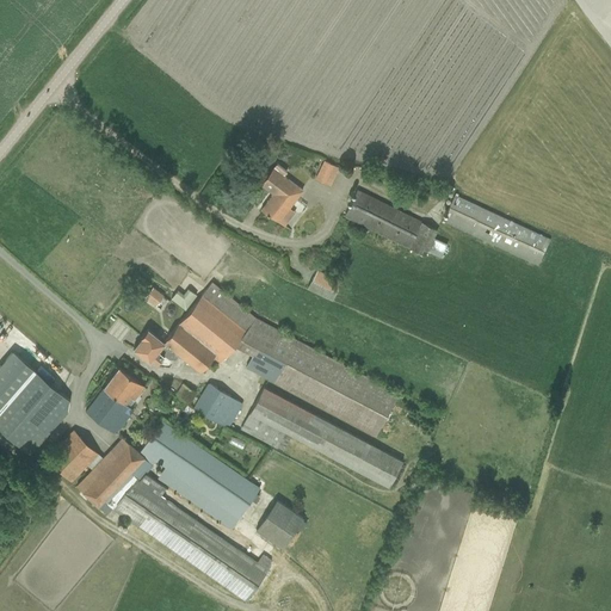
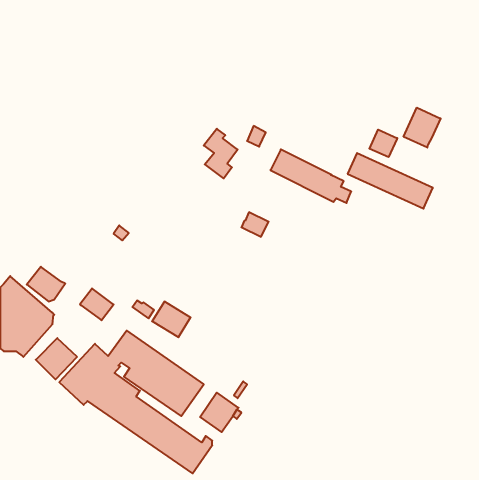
building: none -> [404,108,441,148]
building: none -> [369,130,397,157]
building: [132,282,399,437] -> none
building: [241,387,403,488] -> none
building: [86,388,135,432] -> [27,267,65,301]

